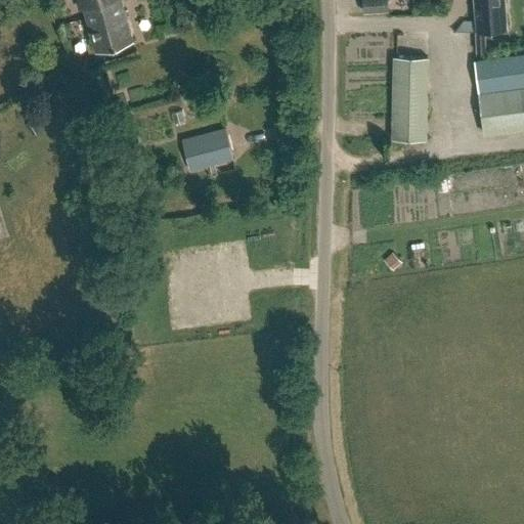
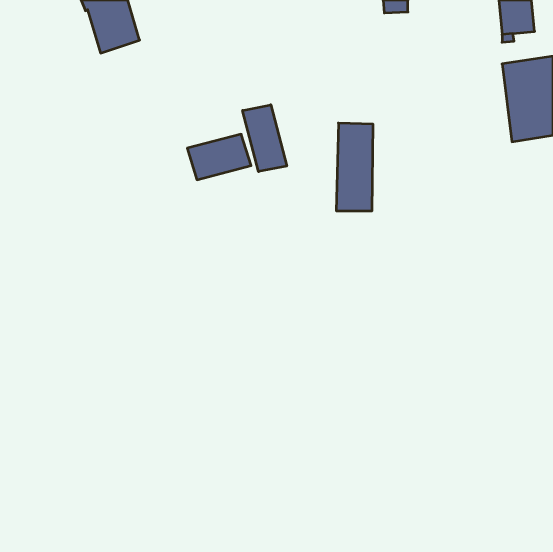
building: [392,57,427,140] -> [336,123,373,211]
building: none -> [243,105,287,172]

